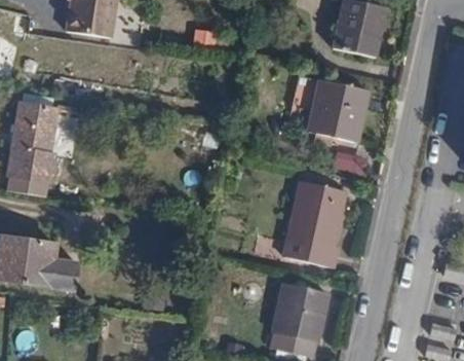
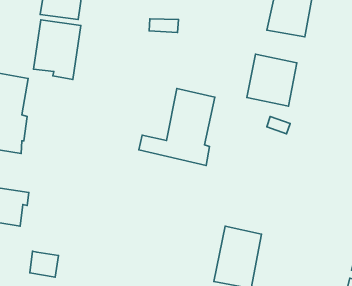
building: none -> [33,20,81,79]
building: [257,180,347,272] -> [139,89,215,165]
building: [42,257,76,288] -> [30,251,59,277]

